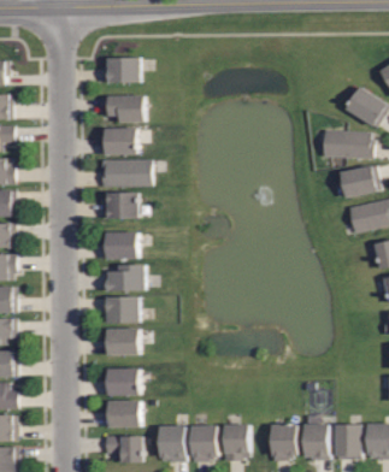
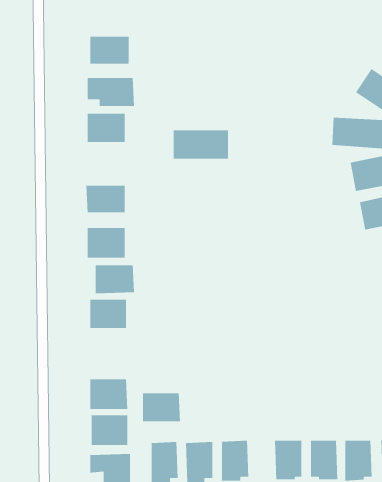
building: [100,160,151,187] -> [173,130,229,159]
building: [104,329,138,355] -> [142,393,181,422]

